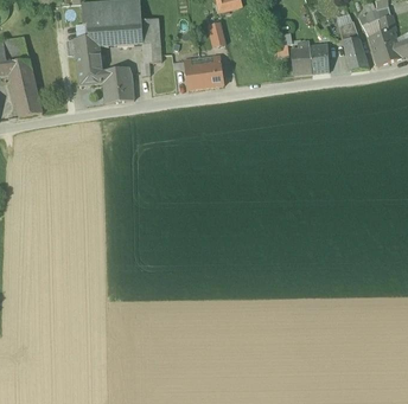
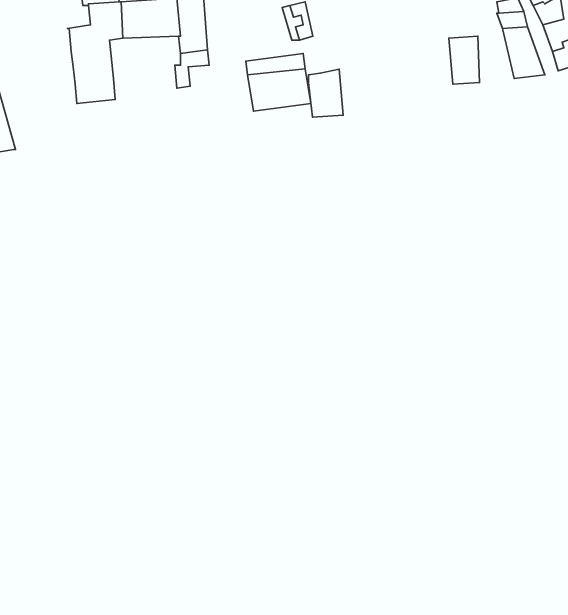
building: [291,45,312,75] -> [309,69,343,117]
building: [102,68,134,104] -> none

